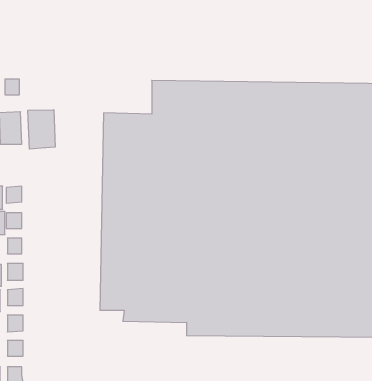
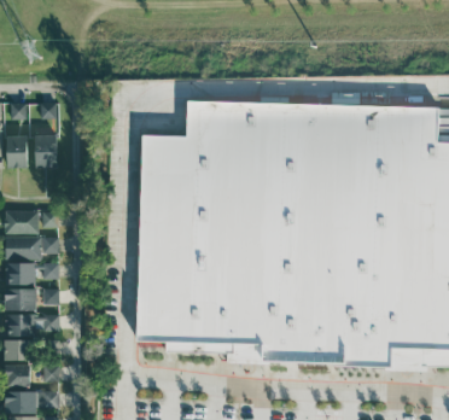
building: [28,110,55,149] -> none

